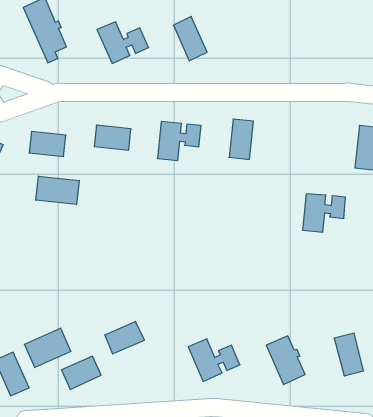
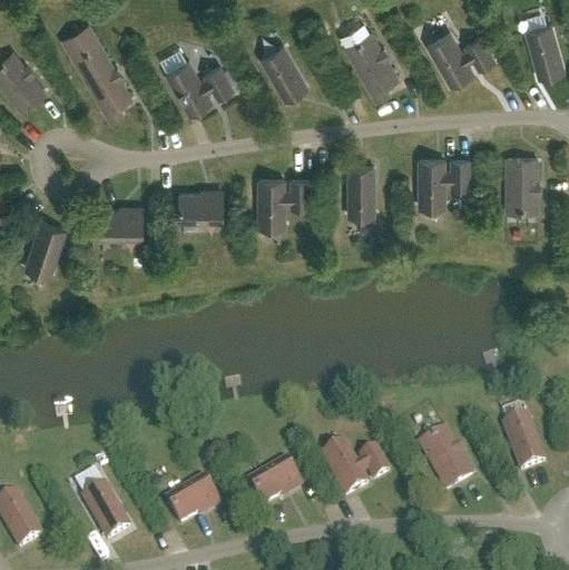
building: none -> [345,32,399,94]
building: none -> [428,32,494,85]
building: [36,176,79,205] -> none
building: [302,194,345,232] -> [420,159,470,206]
building: [105,321,144,354] -> [251,463,301,507]
building: [24,328,71,368] -> none

